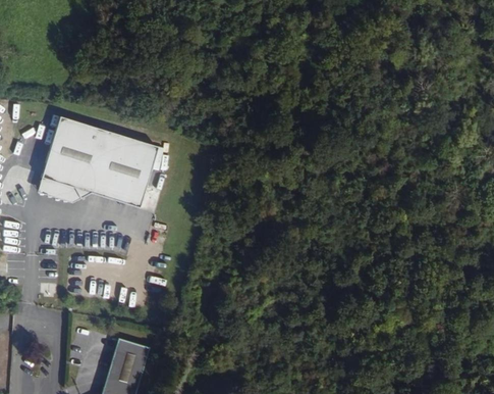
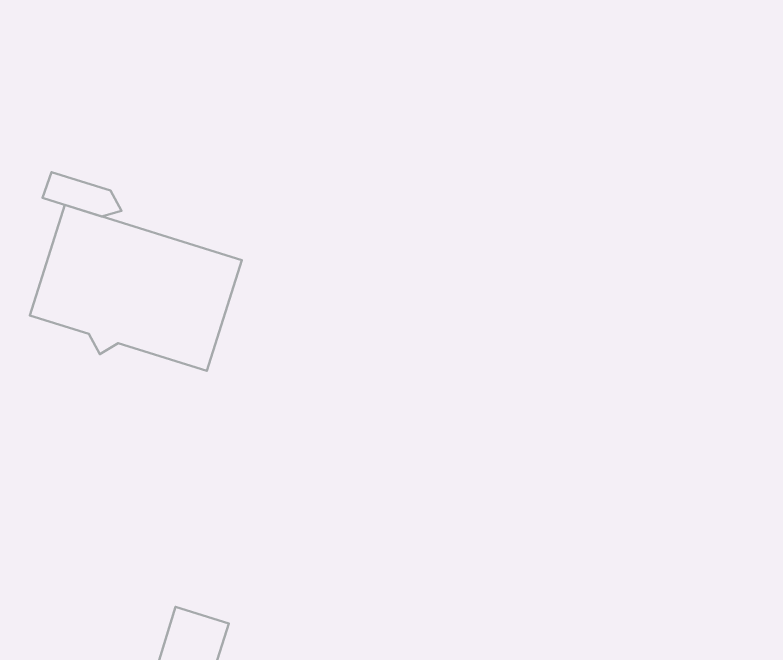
building: [36,178,79,202] -> [42,172,122,216]

